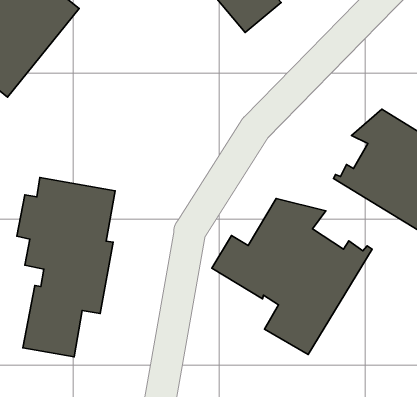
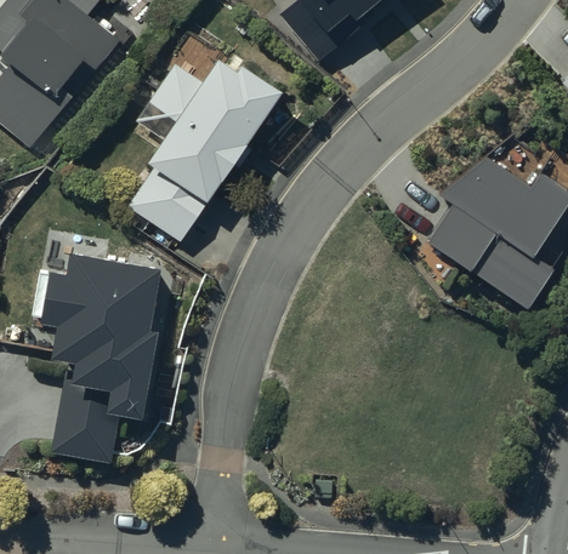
building: none -> [124,48,284,239]
building: [212,199,372,355] -> none

